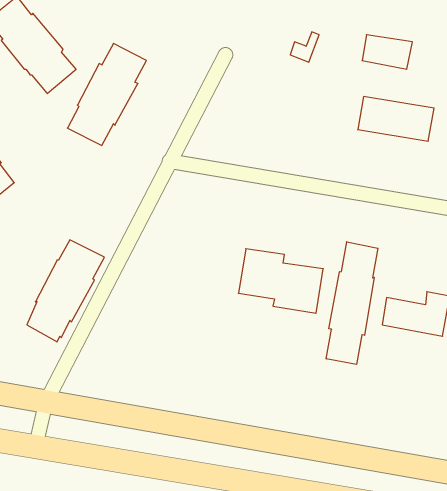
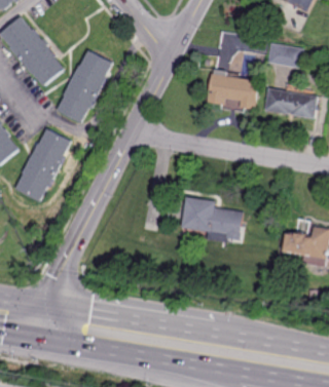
building: none -> [206,71,259,110]
building: [27,240,104,342] -> [16,128,72,201]
building: [326,242,378,364] -> none

